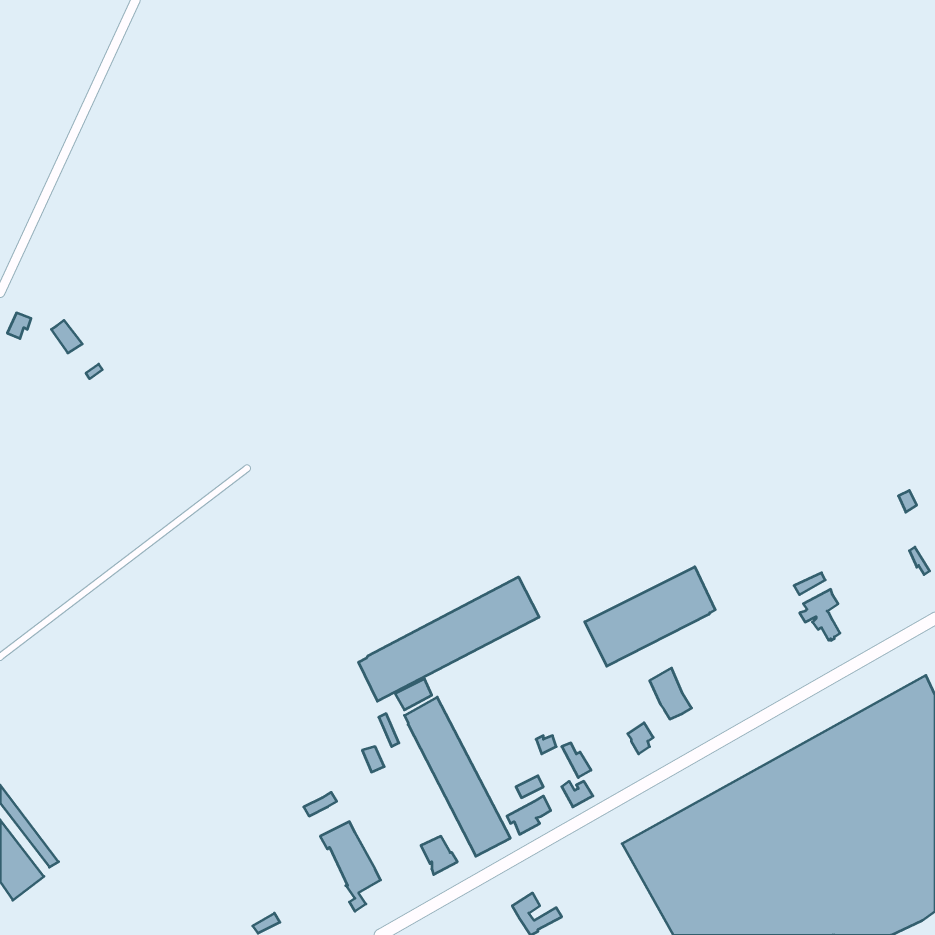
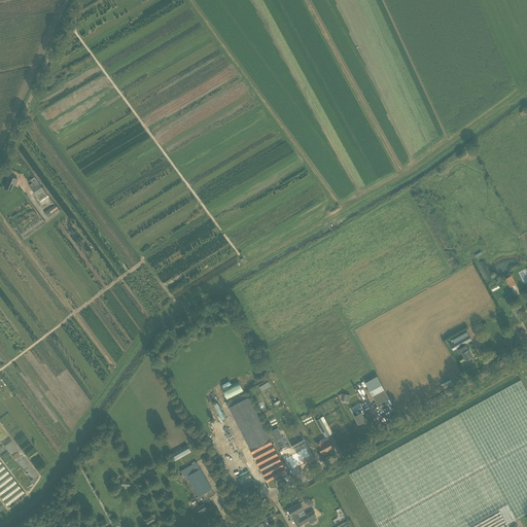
building: [585,567,715,666] -> none
building: [359,577,539,701] -> none

